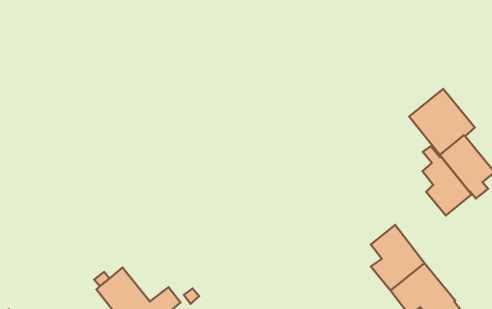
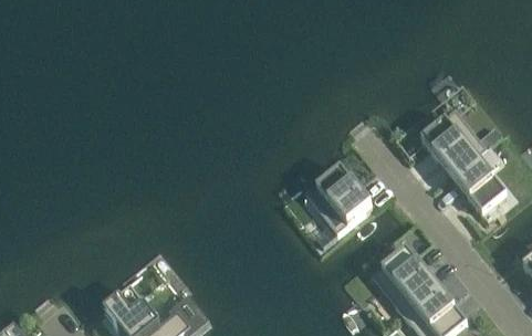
building: none -> [314,165,371,231]
building: [422,146,472,216] -> none

